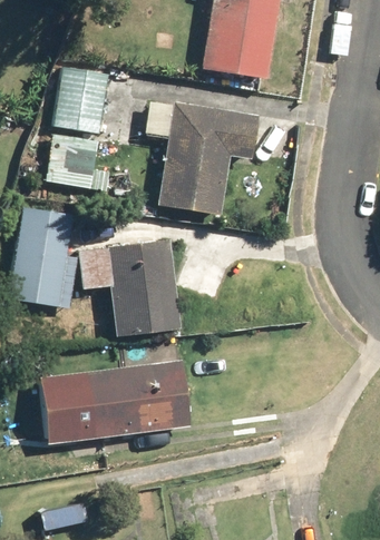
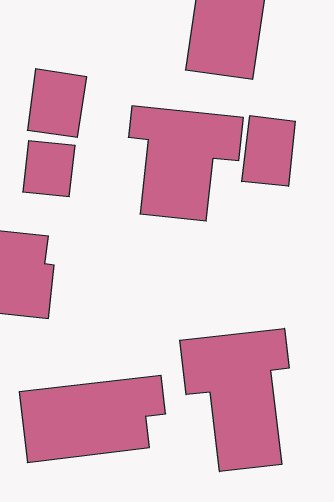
building: none -> [242,116,295,186]
building: [81,246,173,334] -> none
building: none -> [180,328,289,472]

